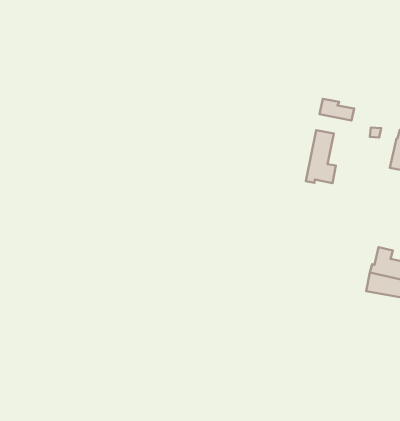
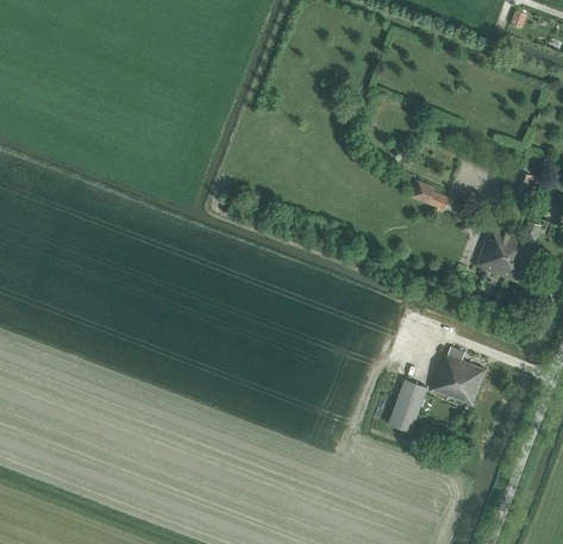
building: [306,130,336,183] -> none
building: none -> [387,379,426,432]

